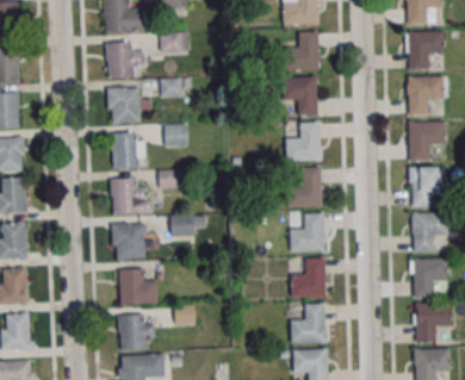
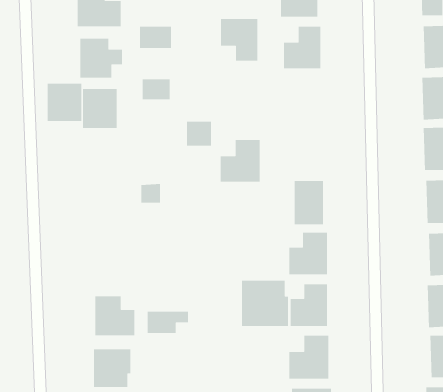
building: [283,77,316,116] -> [220,18,258,61]
building: [285,123,321,161] -> [220,139,260,183]
building: [165,124,187,147] -> [186,121,212,146]
building: [112,133,143,168] -> [47,83,82,122]
building: [111,179,151,214] -> none
building: [168,216,205,236] -> [147,311,189,334]
building: [112,224,144,260] -> none
building: none -> [241,280,289,327]

